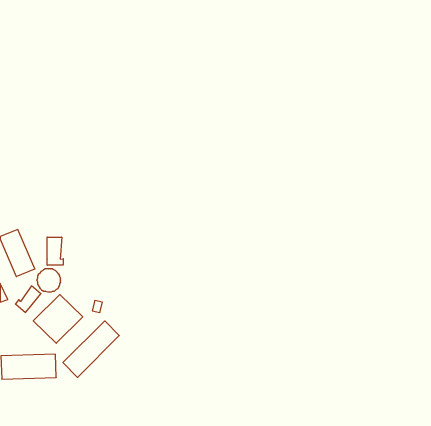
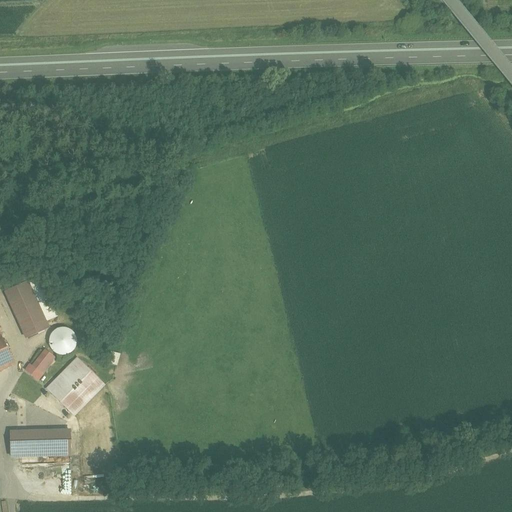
building: [47,237,63,265] -> none
building: [63,321,119,377] -> none

